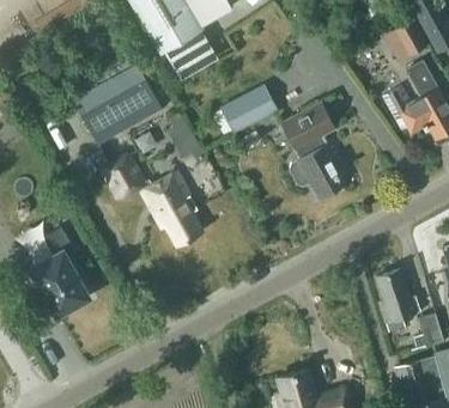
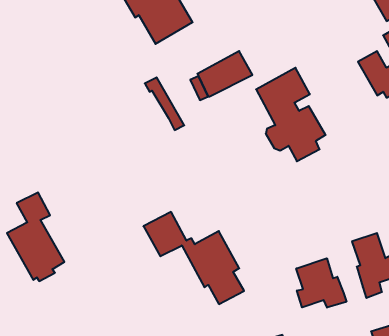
building: [73,65,160,144] -> none
building: [102,153,202,245] -> [143,212,244,304]
building: none -> [296,258,346,308]

